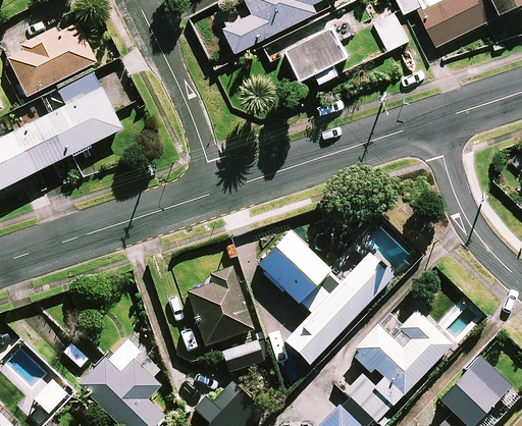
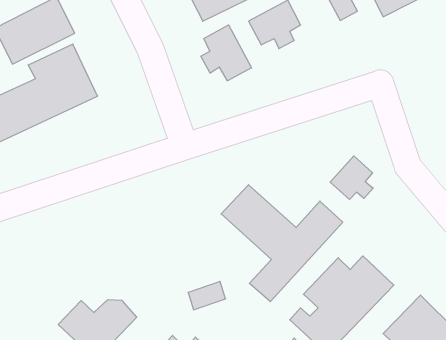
building: none -> [201,25,252,81]
building: none -> [330,156,373,199]
building: [184,266,250,344] -> none

